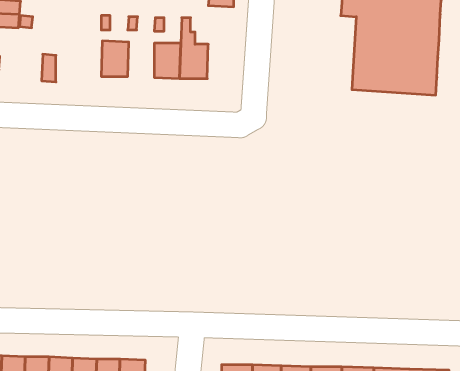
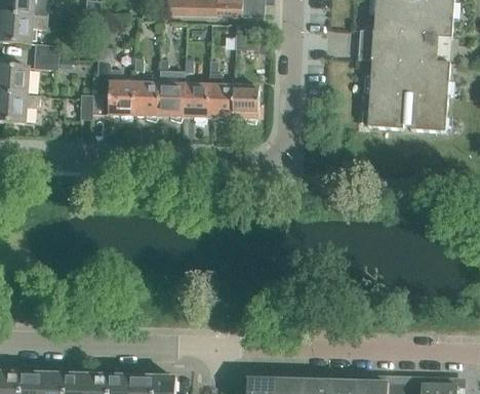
building: none -> [92,57,135,113]
building: none -> [159,81,184,114]
building: none -> [233,83,259,116]

